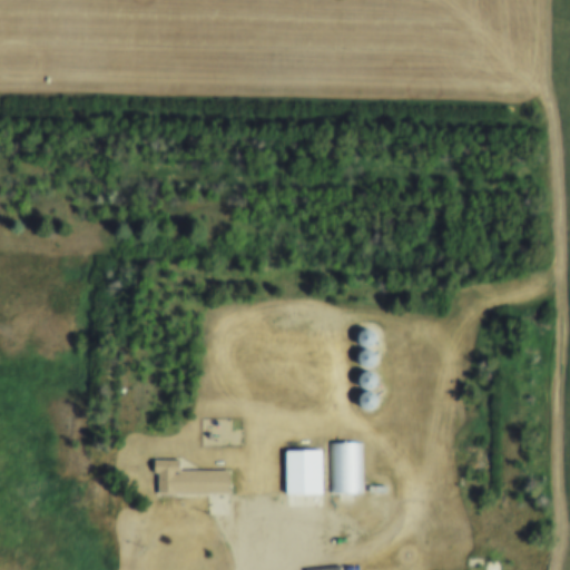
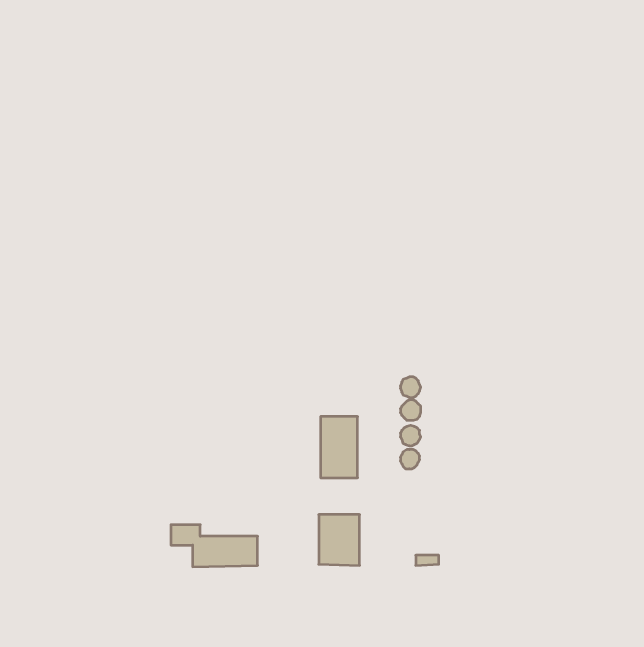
building: [334,441,366,494] -> [321,417,358,478]

